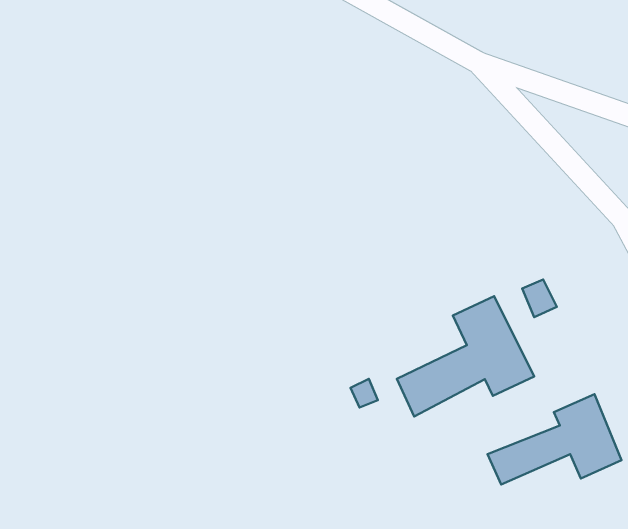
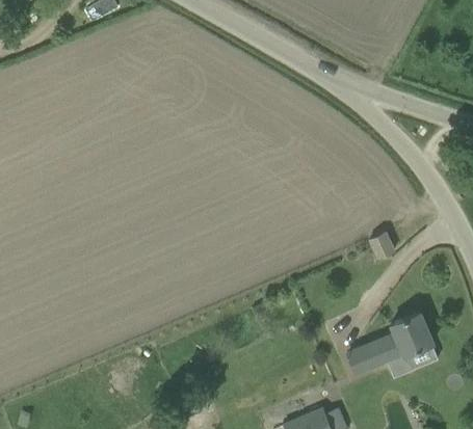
building: [397,296,534,416] -> none

